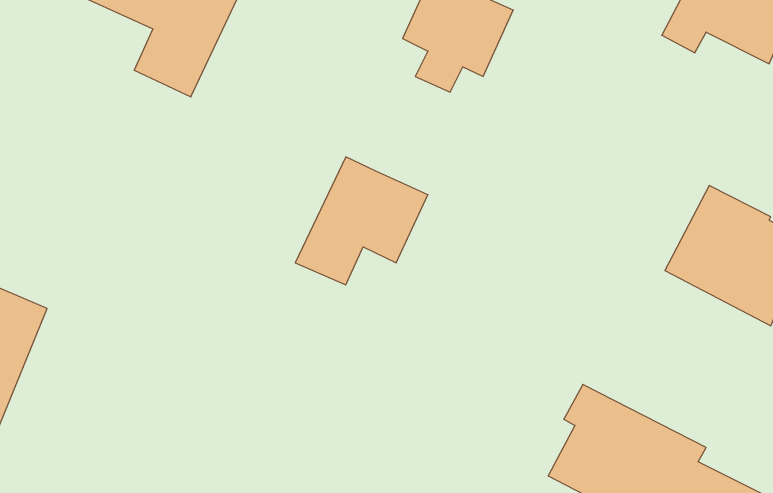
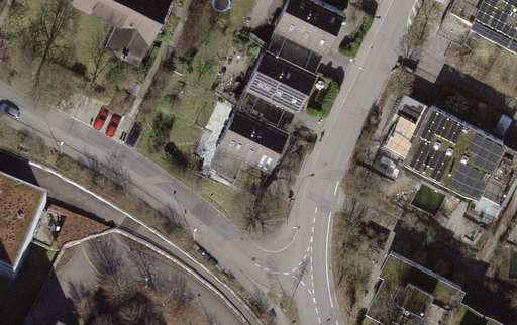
building: none -> [245,44,317,121]
building: none -> [379,91,470,176]

